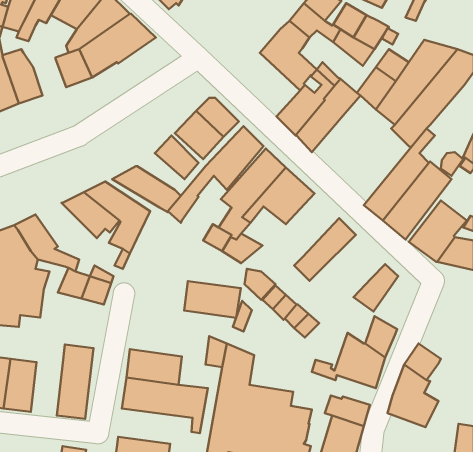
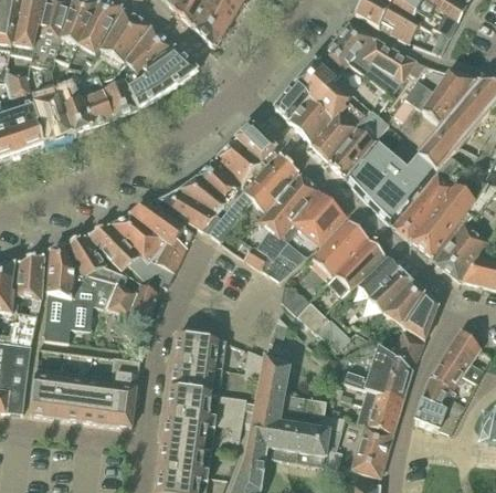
building: none -> [74,80,114,123]
building: none -> [275,83,333,143]
building: none -> [344,139,434,223]
building: none -> [180,177,224,211]
building: none -> [312,219,368,276]
building: none -> [88,223,155,281]
building: none -> [357,255,412,312]
building: none -> [401,292,437,338]
building: [184,281,241,318] -> [173,333,226,367]
building: none -> [443,327,482,381]
building: none -> [81,373,110,422]
building: none -> [361,385,403,412]
building: none -> [162,416,215,449]

